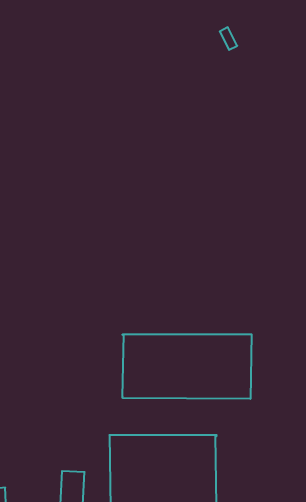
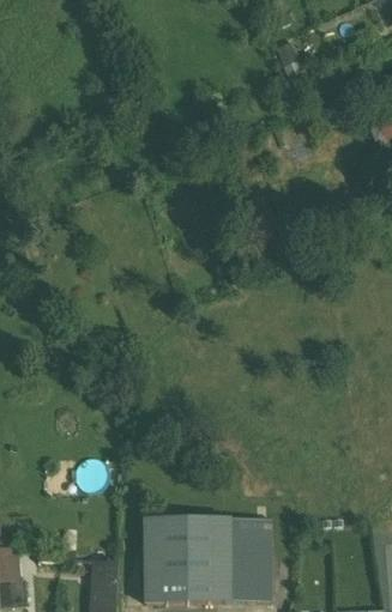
building: [123,334,252,399] -> none

